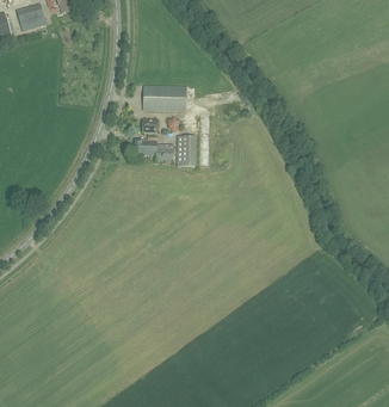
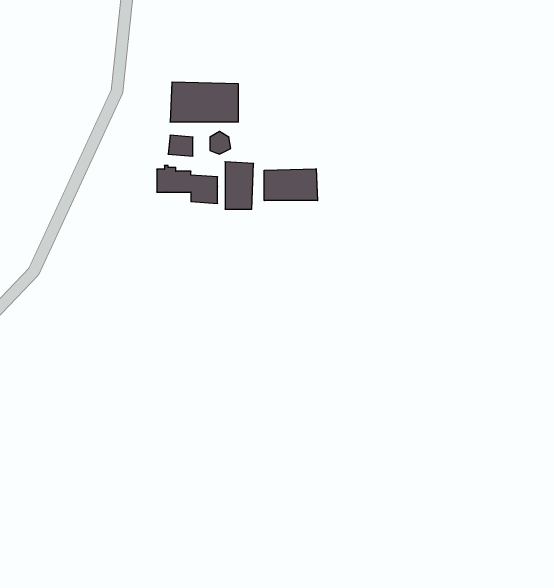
building: none -> [264,169,318,201]

